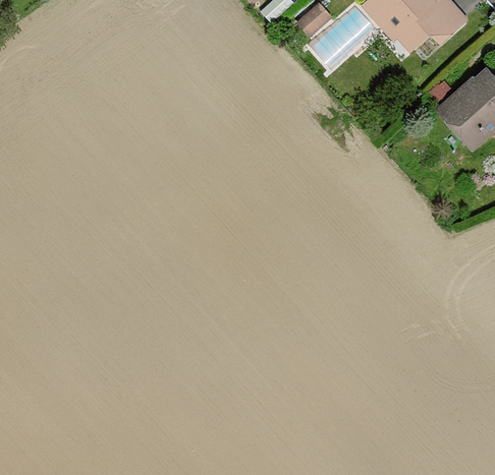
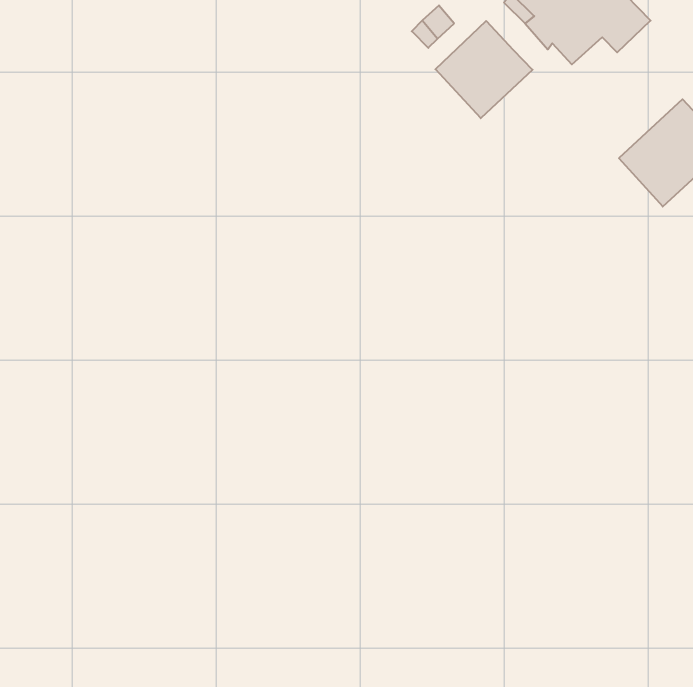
building: none -> [435,21,533,118]

